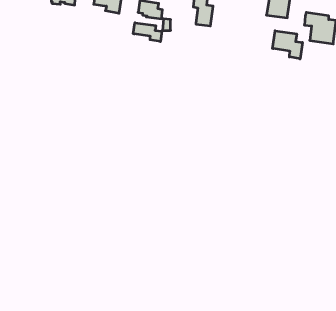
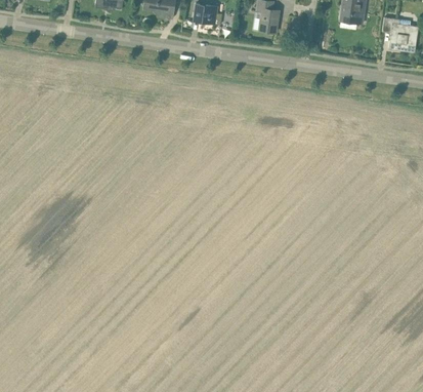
building: [133,23,162,42] -> none
building: [272,31,302,59] -> none

